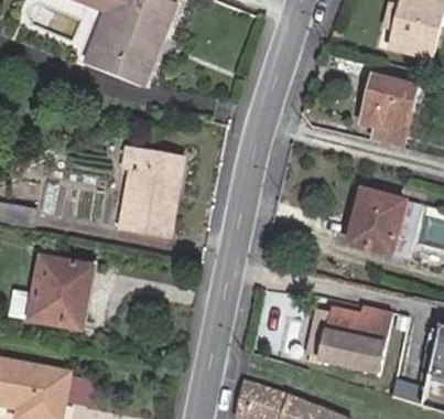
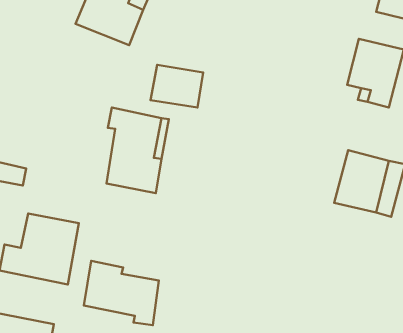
building: none -> [150,65,203,108]
building: [311,298,396,374] -> none
building: none -> [84,261,159,325]

